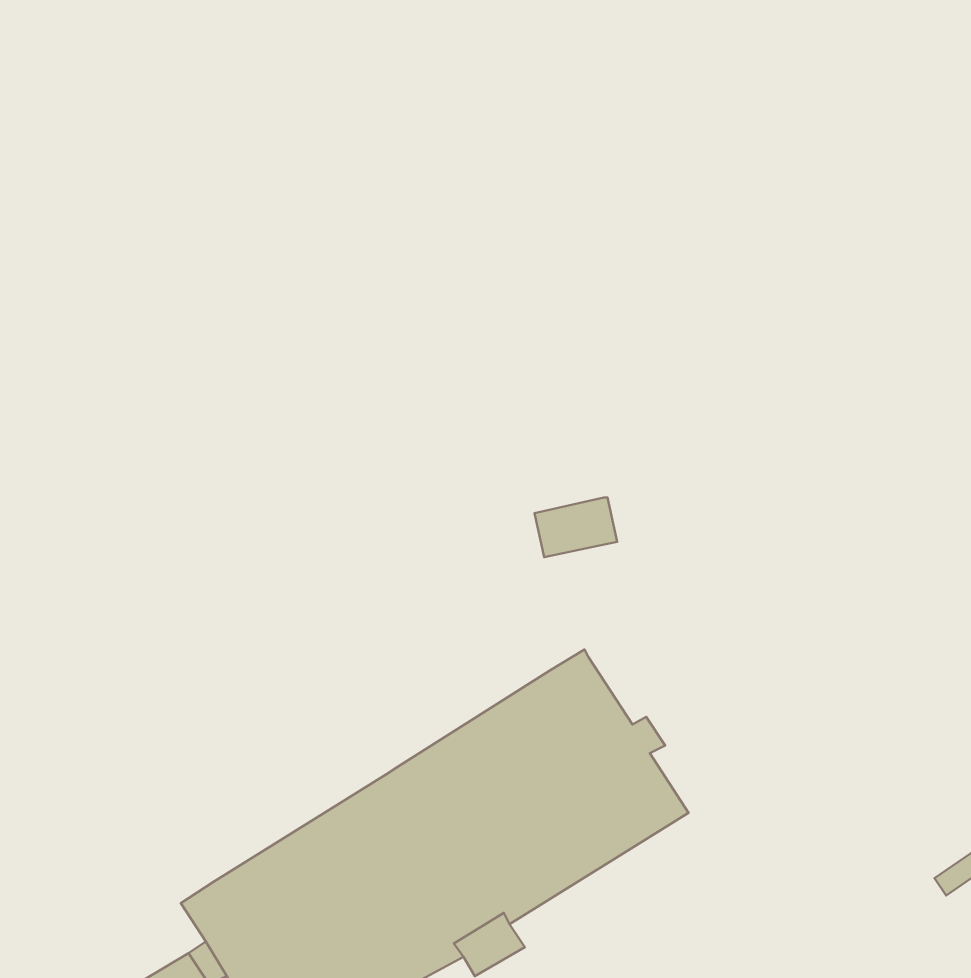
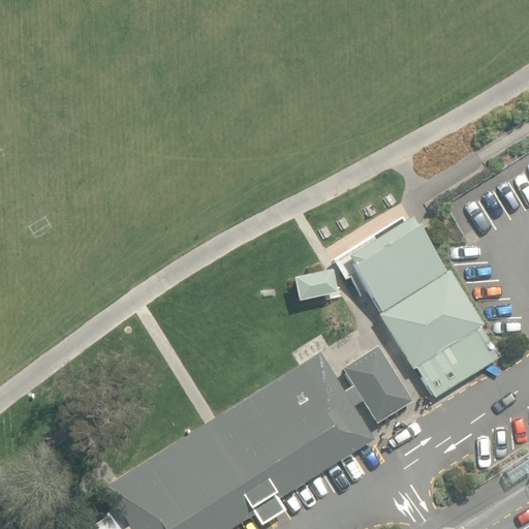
building: none -> [345,214,500,399]
building: none -> [342,346,414,426]

